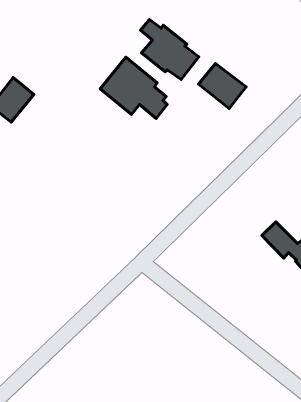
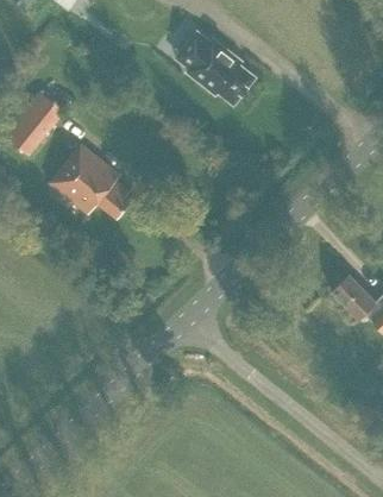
building: [100,57,167,118] -> [50,144,131,218]
building: [199,63,246,108] -> none

